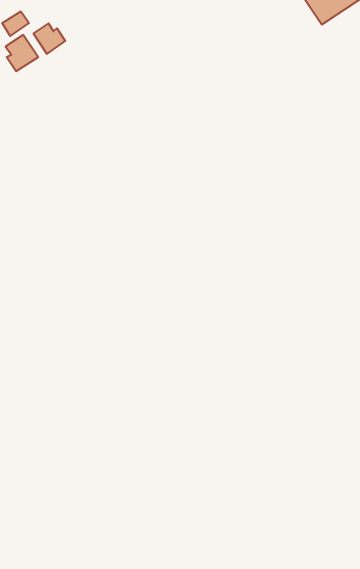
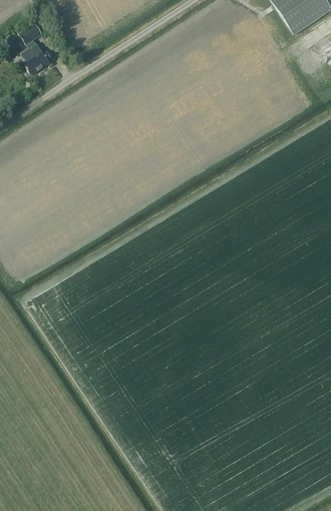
building: [34,23,65,54] -> none

